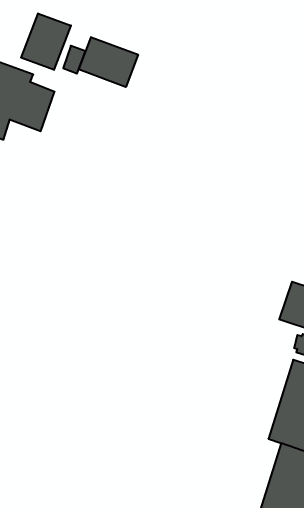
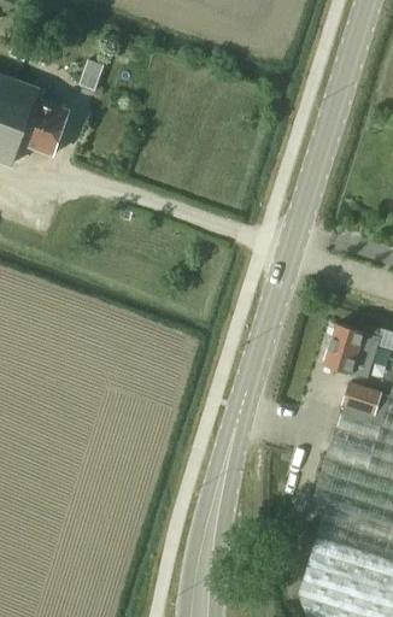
building: [21,13,71,70] -> none
building: [79,37,138,87] -> none

